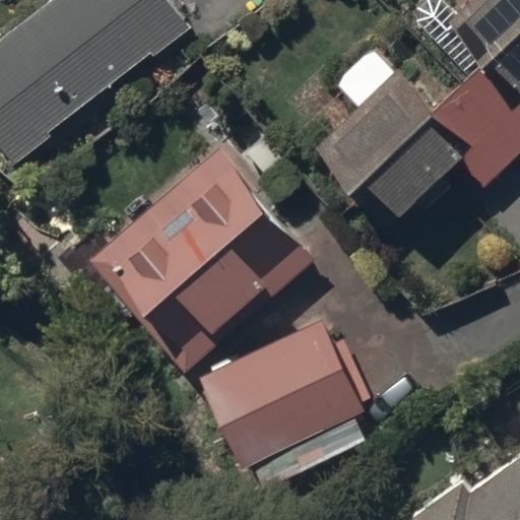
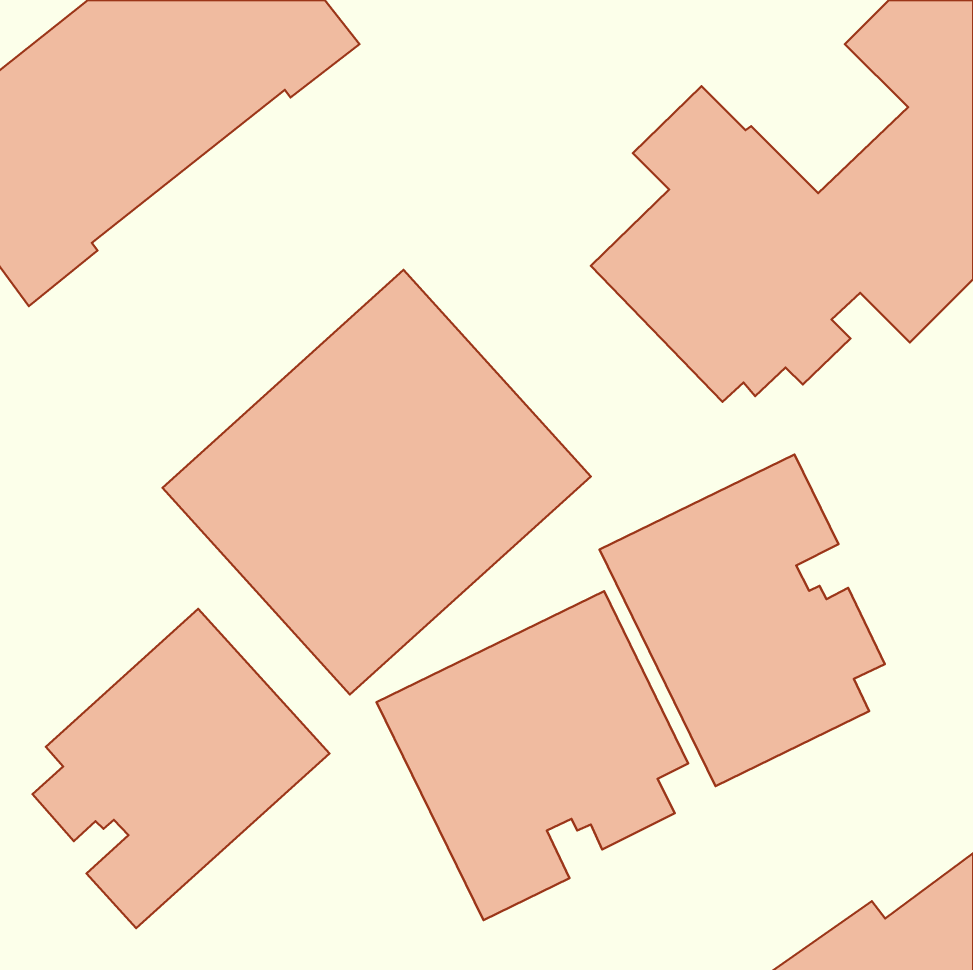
building: none -> [600,455,885,786]
building: none -> [32,609,330,928]

